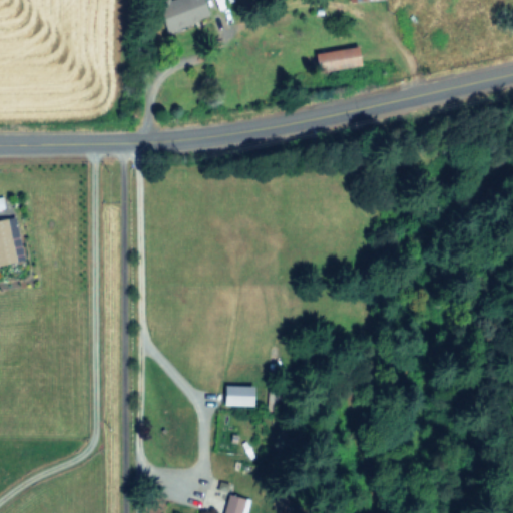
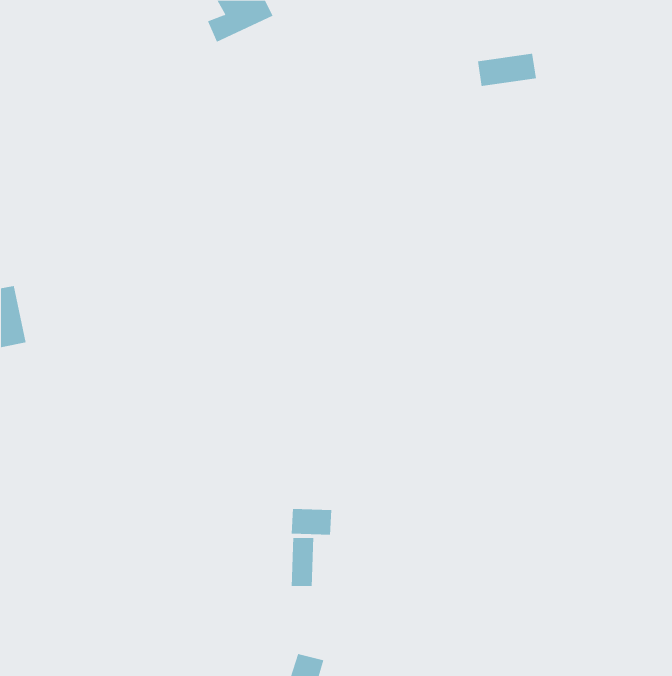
building: [316,47,361,72] -> [477,53,537,86]
building: none -> [291,537,314,587]

